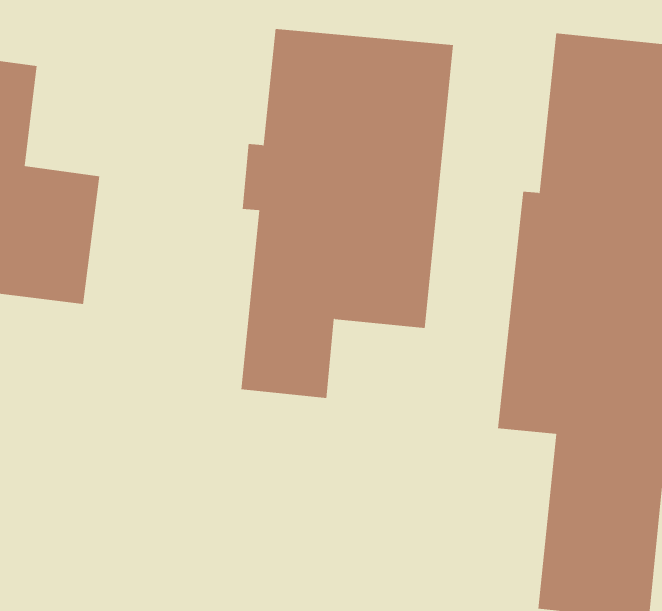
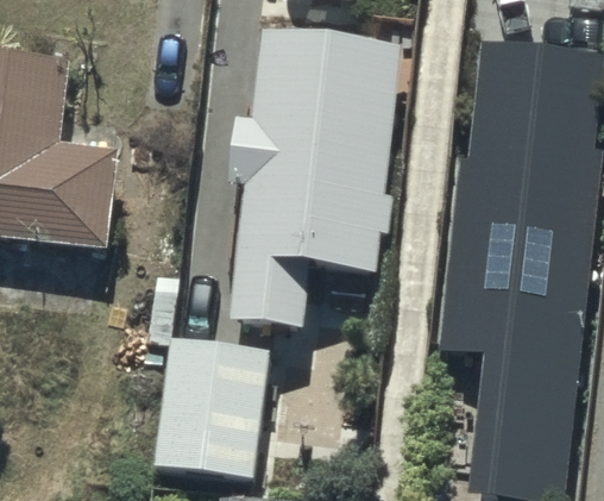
building: none -> [152,338,270,471]

